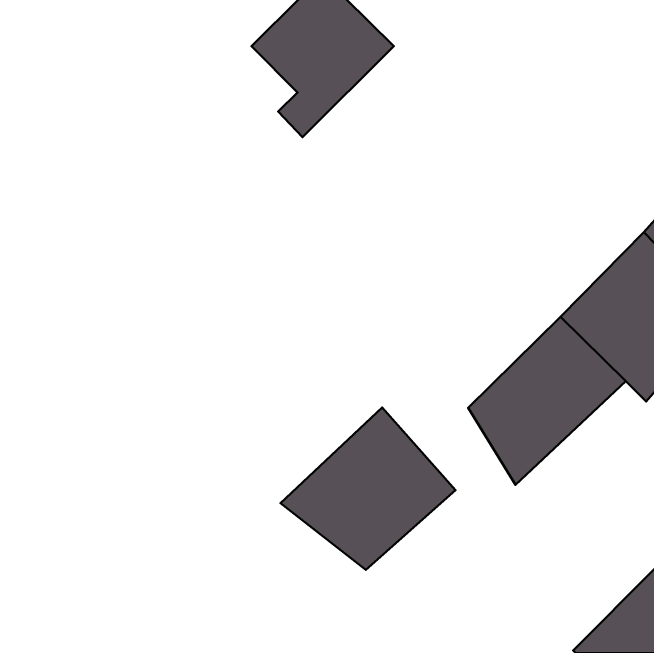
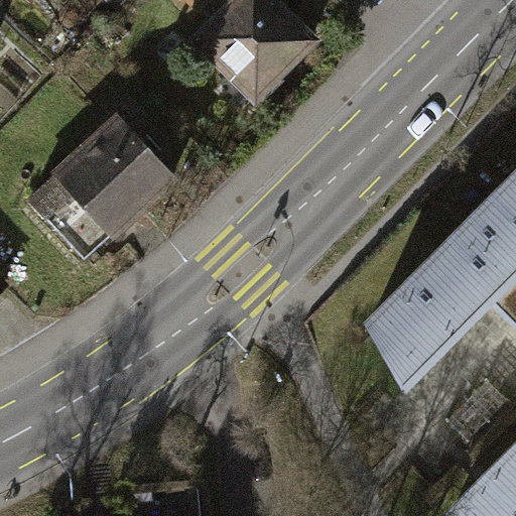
building: none -> [30,117,172,256]
building: [280,407,455,570] -> none

